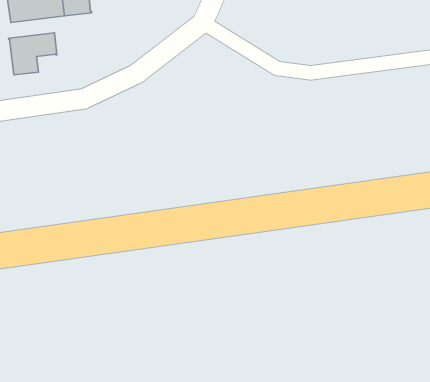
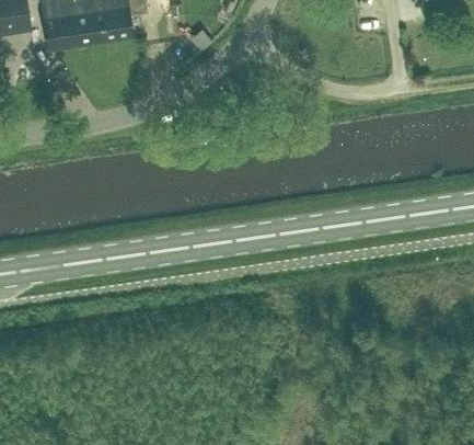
building: [8,33,57,75] -> none

